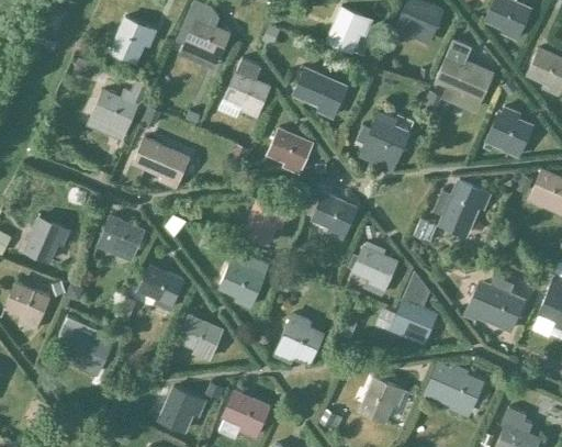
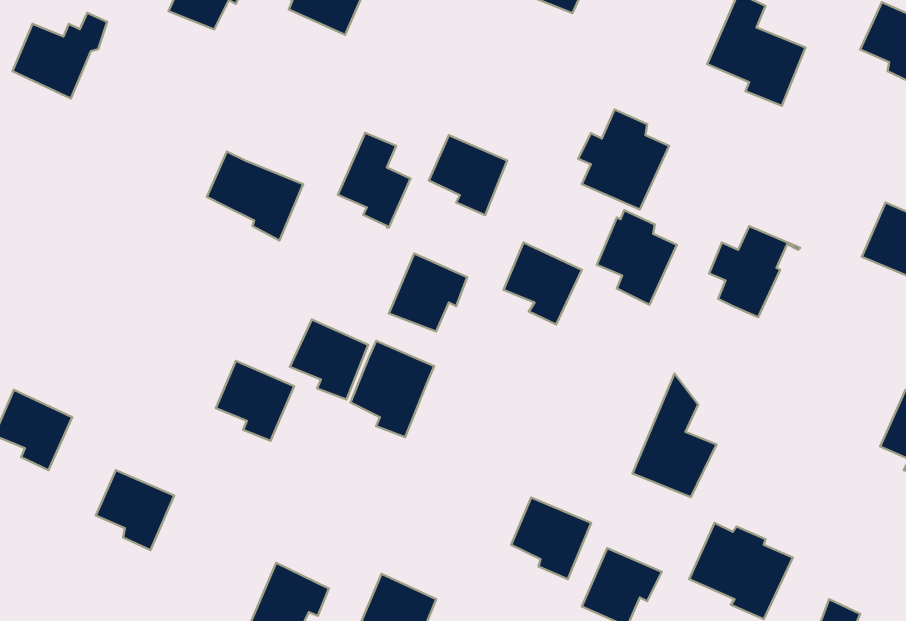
building: [225,59,269,116] -> [338,133,411,228]
building: [292,67,348,120] -> none
building: [90,81,147,133] -> [13,13,107,98]
building: [484,108,533,158] -> none
building: [97,213,145,262] -> none
building: [23,215,70,262] -> none
building: [350,239,398,297] -> [597,210,677,305]
building: [465,277,524,332] -> none
building: [176,313,223,361] -> [290,319,368,400]
building: [277,317,325,367] -> [511,497,591,579]

